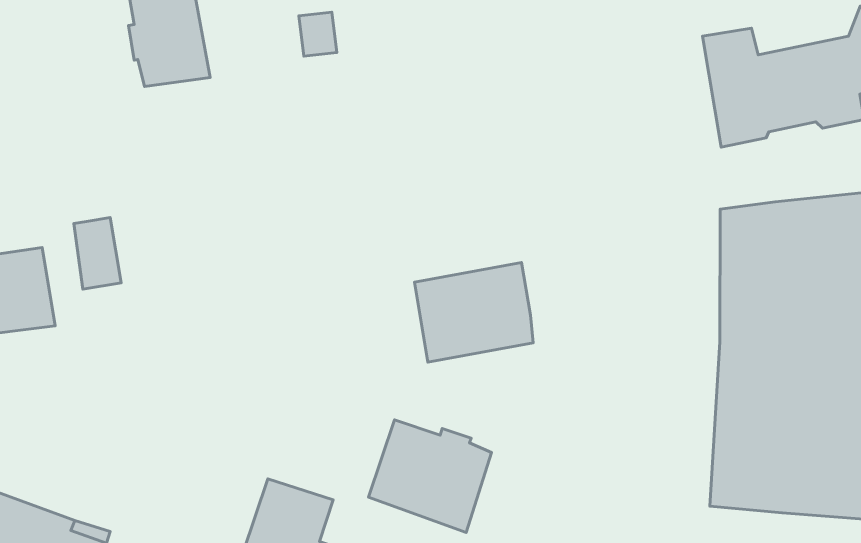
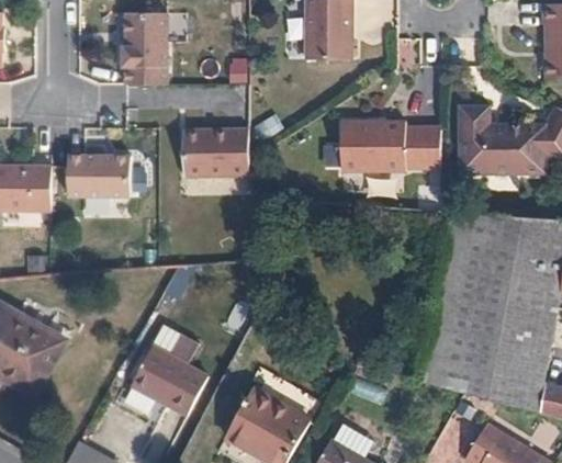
building: none -> [342,121,442,169]
building: none -> [97,154,133,194]
building: [415,262,533,362] -> [182,125,247,174]
building: [368,420,492,533] -> none

